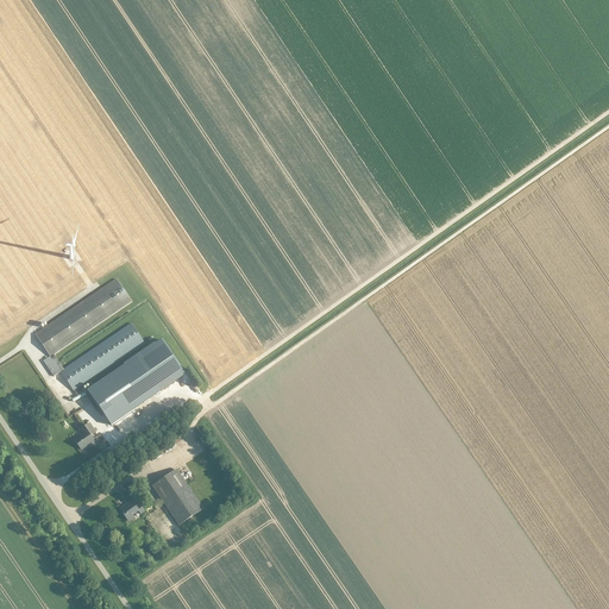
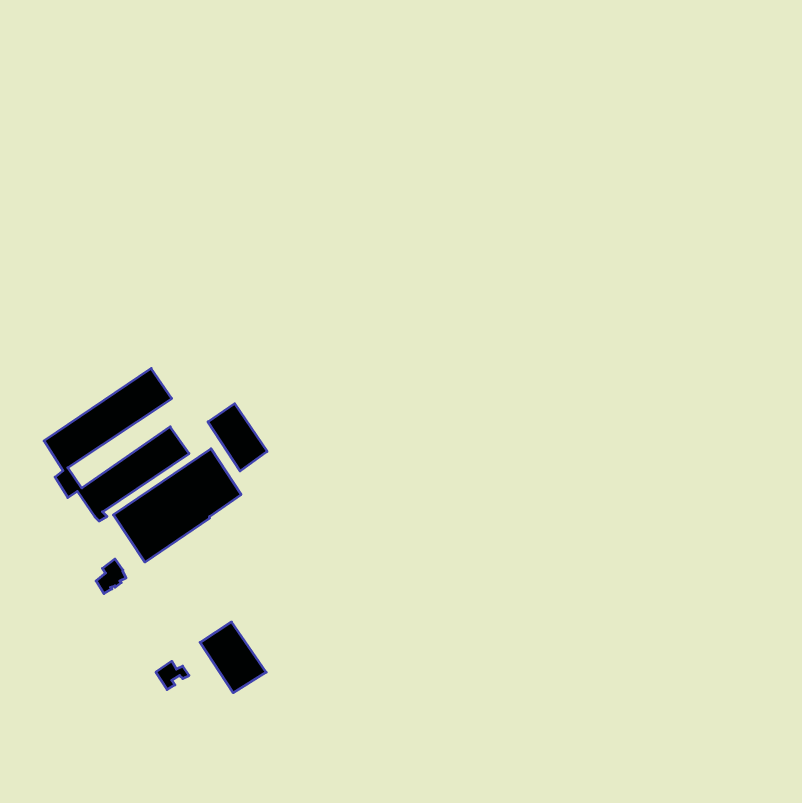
building: none -> [208,404,267,471]

